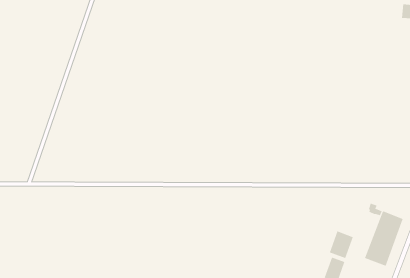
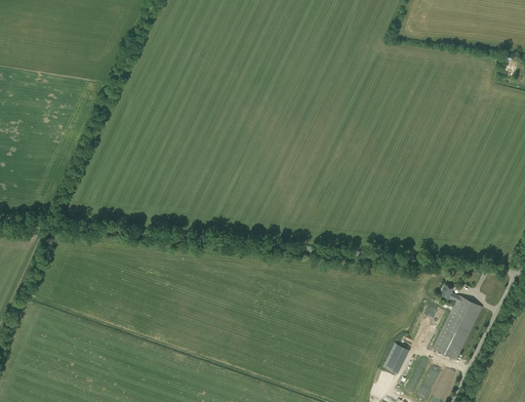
building: [329,231,354,259] -> none

